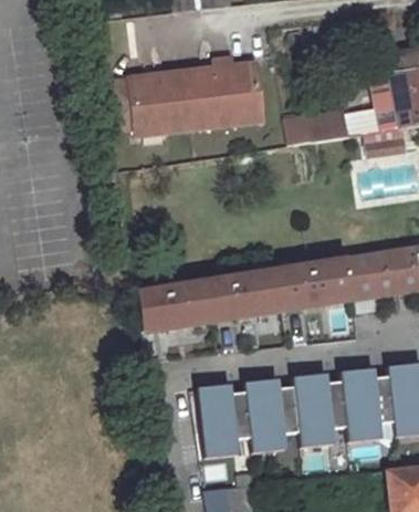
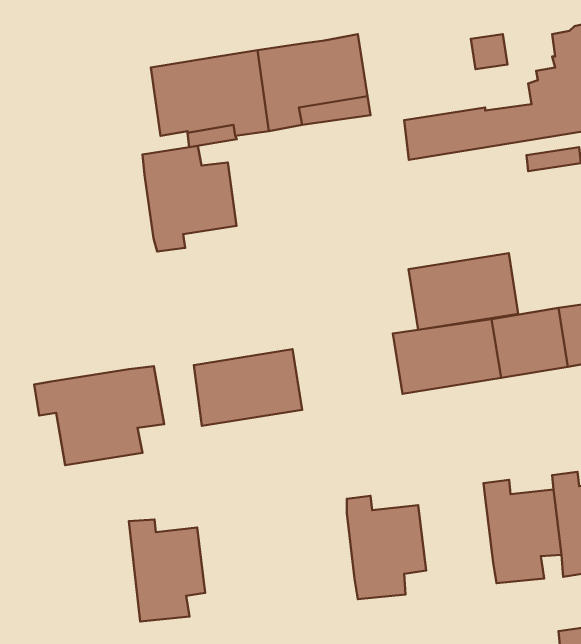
building: none -> [142,146,237,251]
building: [209,267,285,320] -> [408,253,518,330]
building: none -> [34,366,164,465]
building: [295,374,348,446] -> none
building: [199,386,252,457] -> [129,519,205,621]

